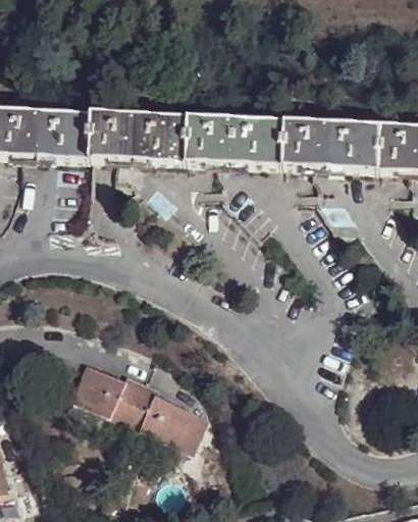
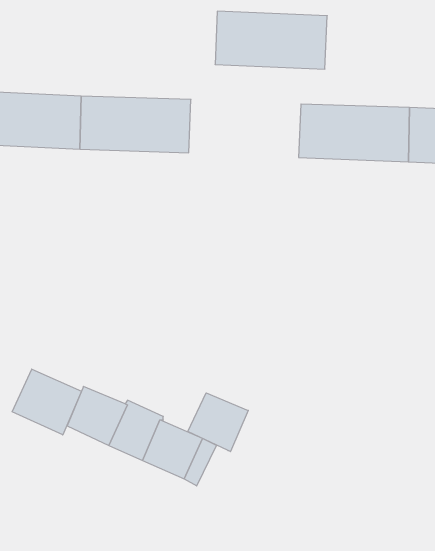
building: [180,112,279,163] -> [215,11,327,69]
building: none -> [12,369,81,435]
building: none -> [188,393,248,452]

